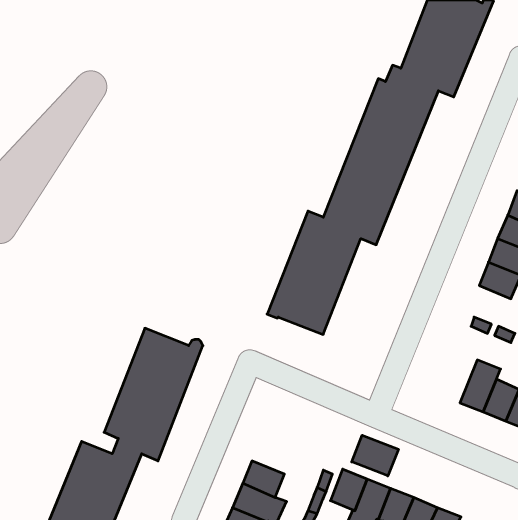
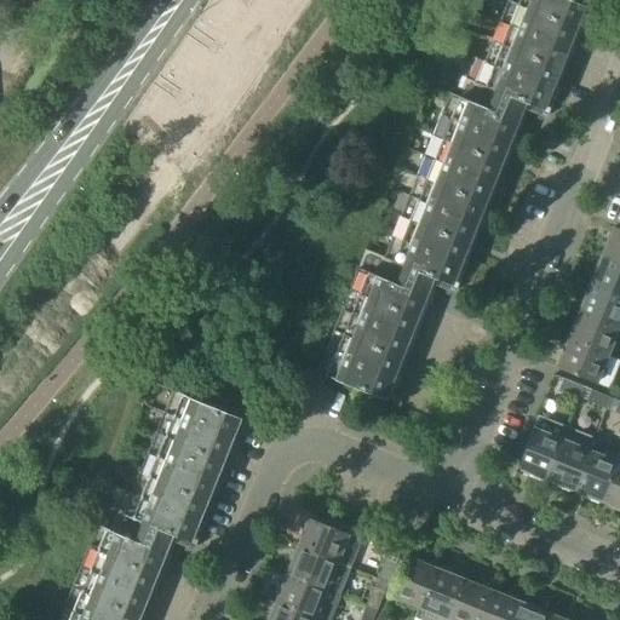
building: none -> [562,340,610,385]
building: none -> [522,417,570,480]
building: [352,435,398,476] -> none
building: none -> [303,521,364,569]

